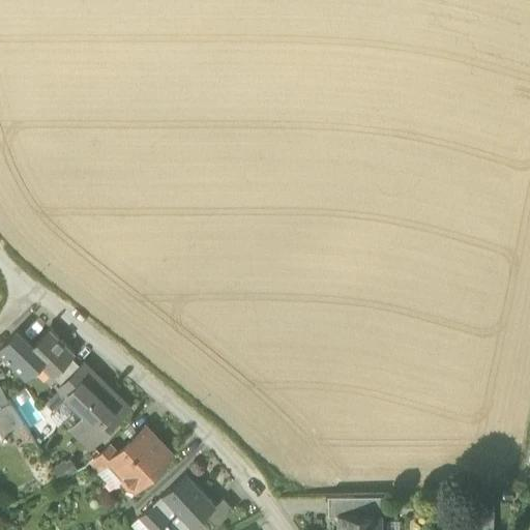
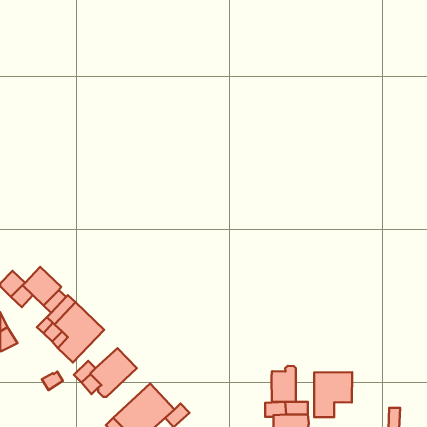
building: none -> [272,366,296,402]
building: none -> [314,372,352,417]

